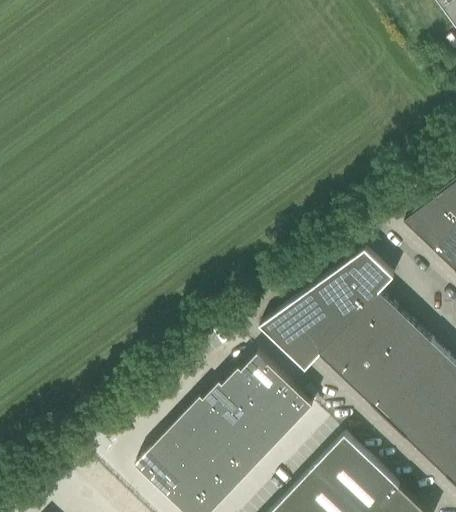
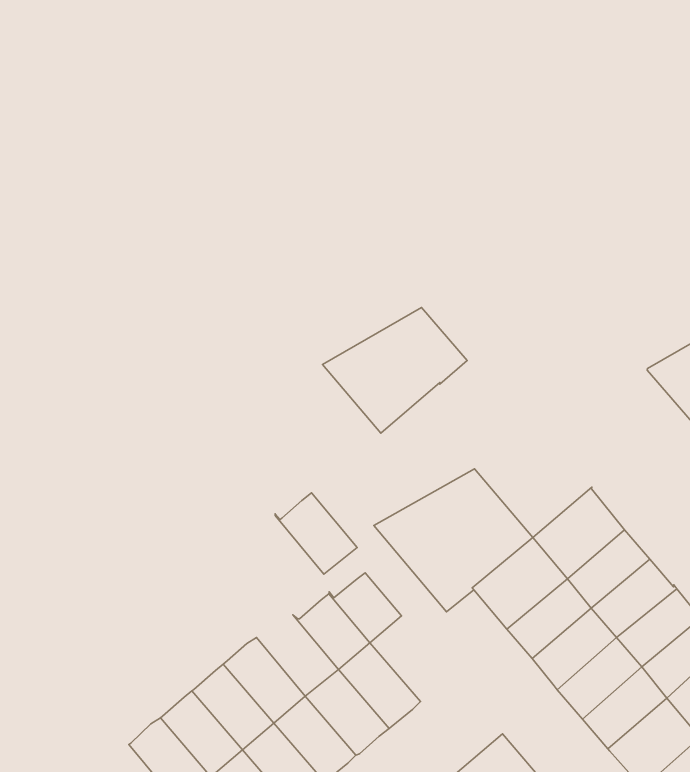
building: [313,251,394,324] -> [322,307,467,433]
building: [265,376,313,423] -> none
building: [201,382,249,427] -> [275,493,357,574]

